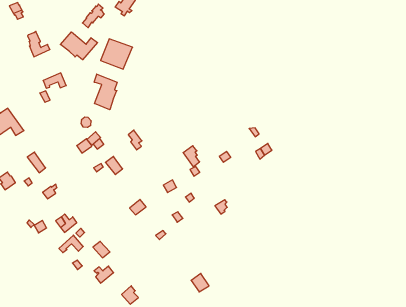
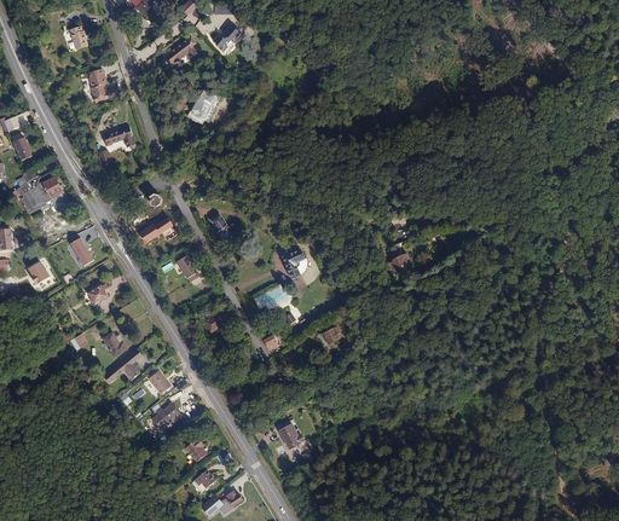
building: [60,32,98,60] -> none
building: [94,74,117,110] -> none

